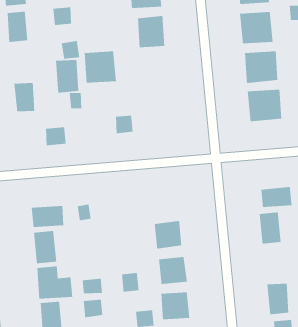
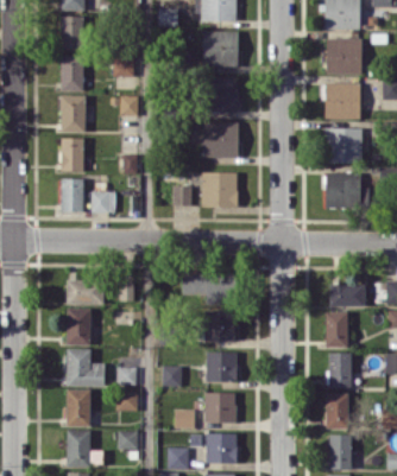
building: [84,51,117,84] -> [202,122,238,159]
building: [55,59,79,94] -> [59,95,86,133]
building: none -> [201,172,237,208]
building: none -> [61,178,83,212]
building: none -> [182,274,237,305]
building: none -> [327,354,351,388]

